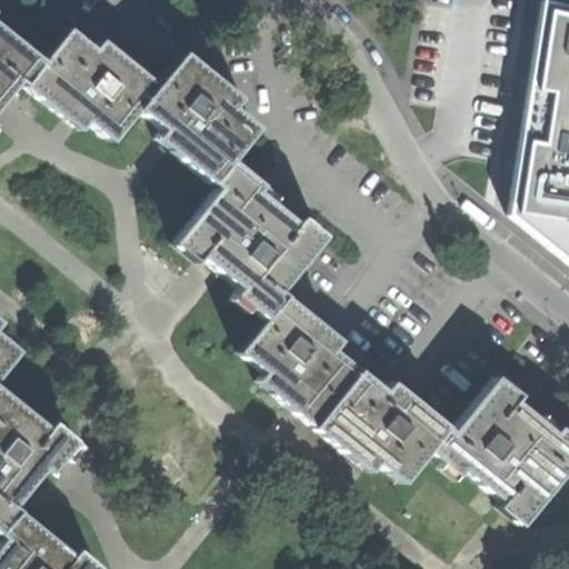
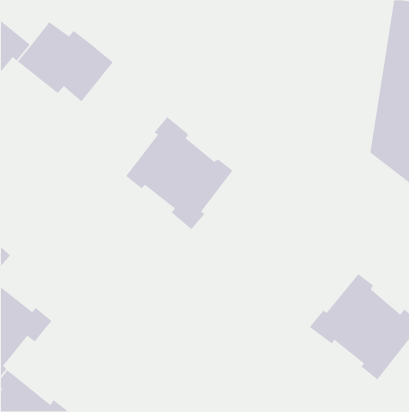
building: [143,53,261,182] -> none
building: [242,295,450,482] -> none

